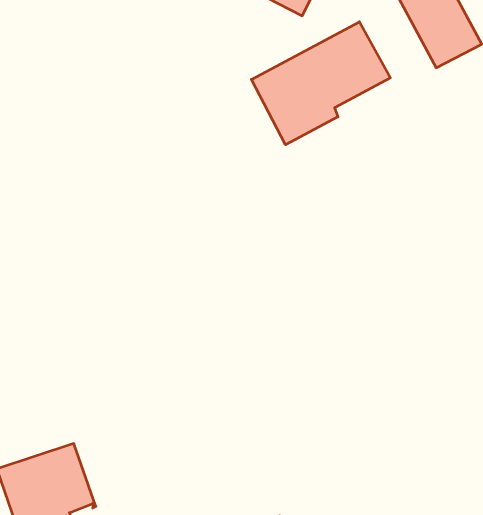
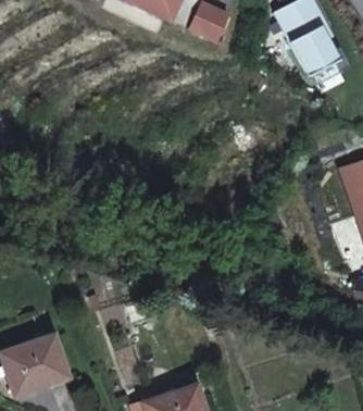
building: [251,22,390,145] -> none

